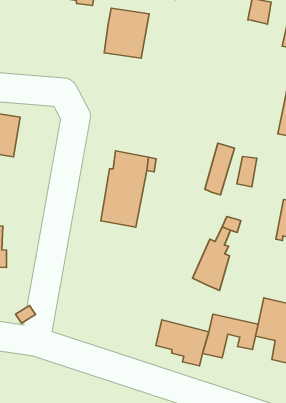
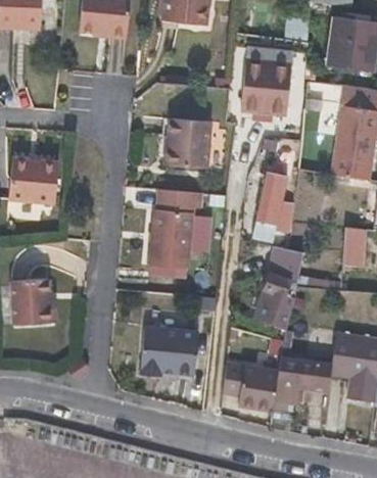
building: [104,8,149,58] -> [173,117,218,169]
building: none -> [246,59,298,111]
building: none -> [141,328,199,378]

